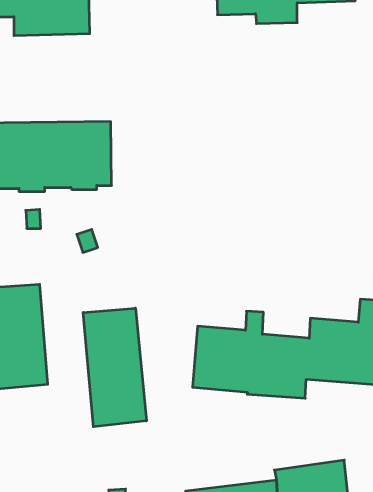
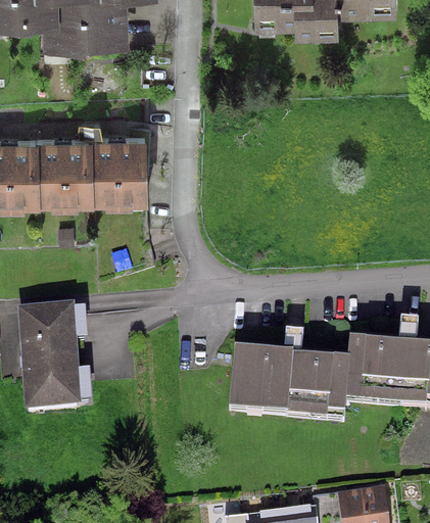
building: [83,308,146,427] -> none

